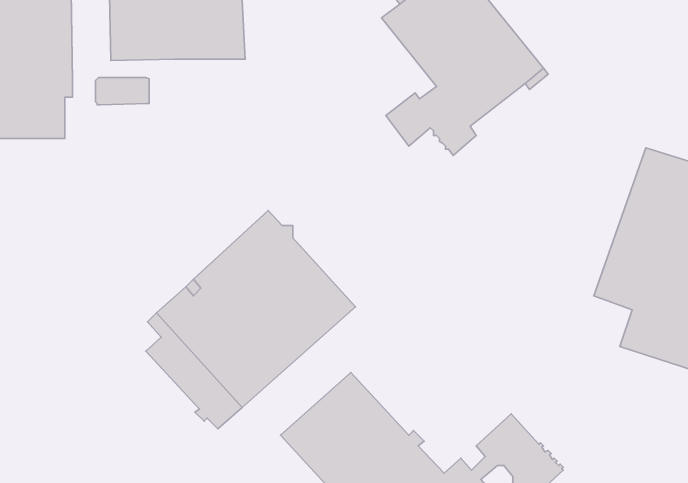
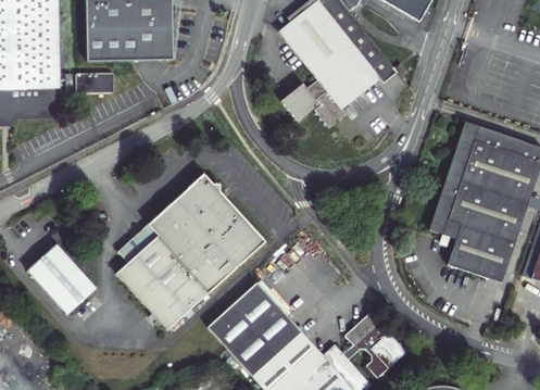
building: none -> [27,244,97,316]

